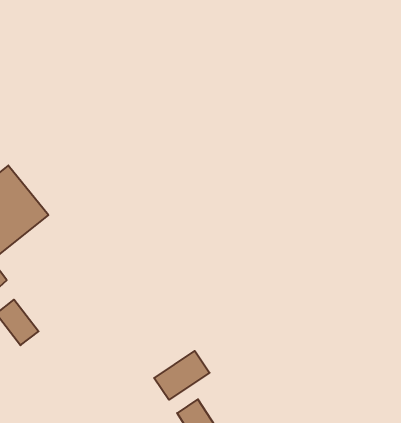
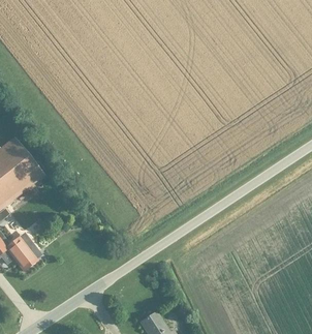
building: [154,351,210,400] -> none

